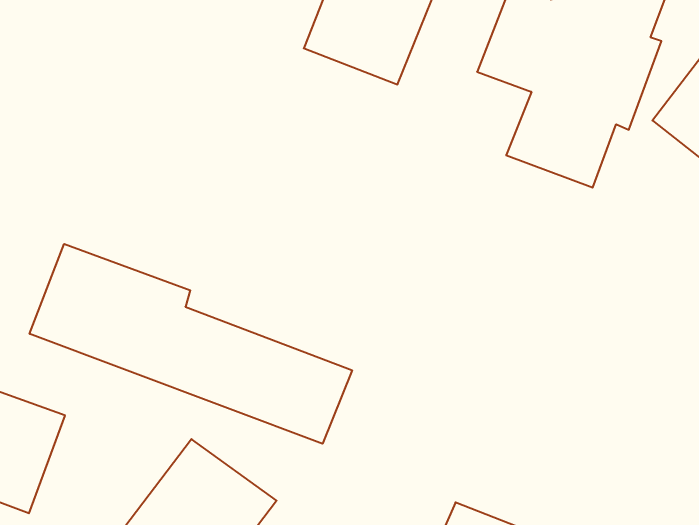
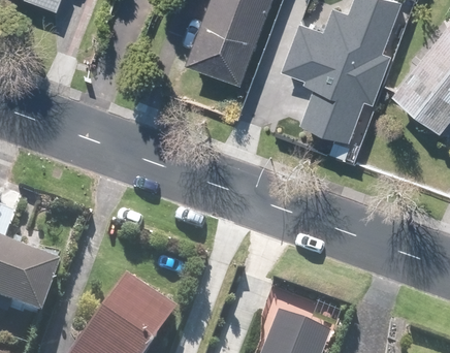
building: [30,244,352,444] -> none

